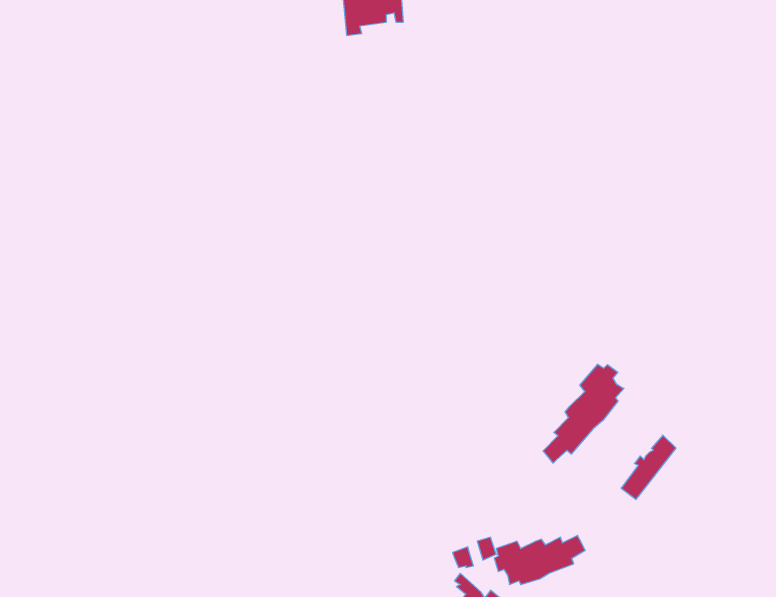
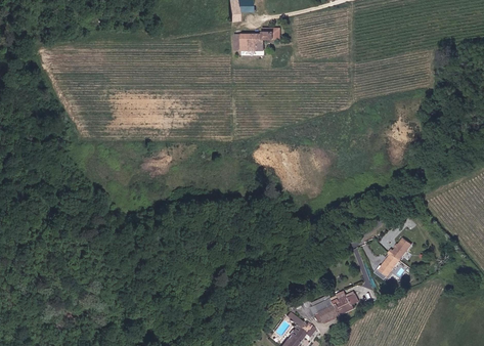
building: none -> [241,34,274,50]
building: [543,364,624,463] -> none

